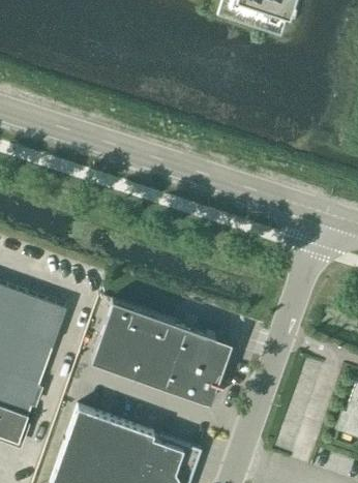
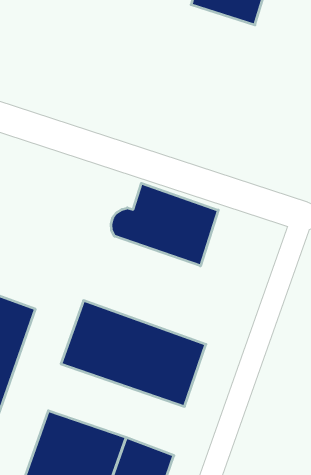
building: none -> [111,183,218,266]

